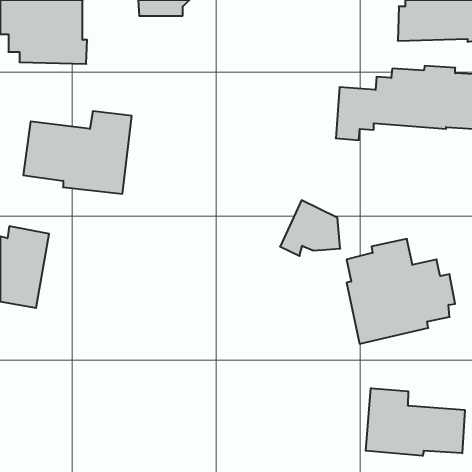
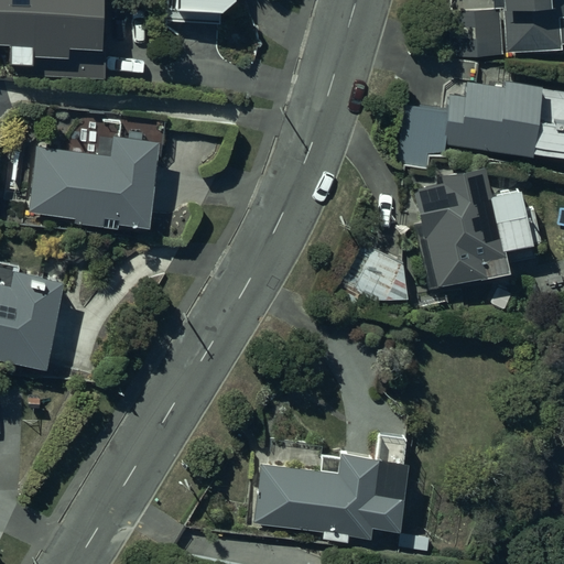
building: [347,239,455,344] -> [414,165,543,290]
building: none -> [256,434,408,543]
building: [366,388,465,456] -> none

